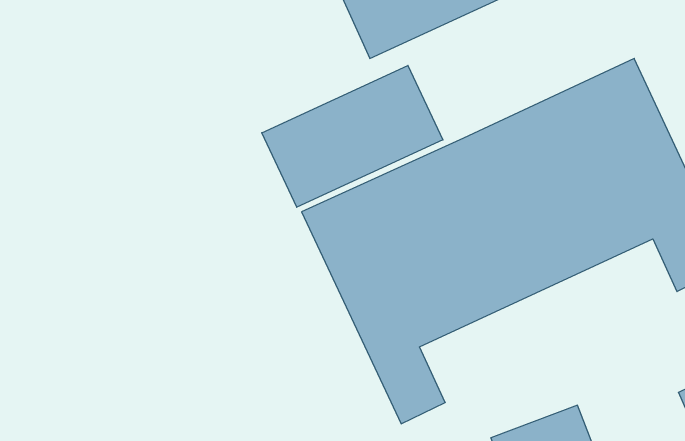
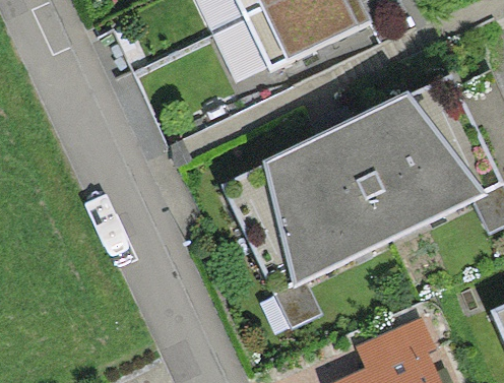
building: [262,65,443,207] -> none

